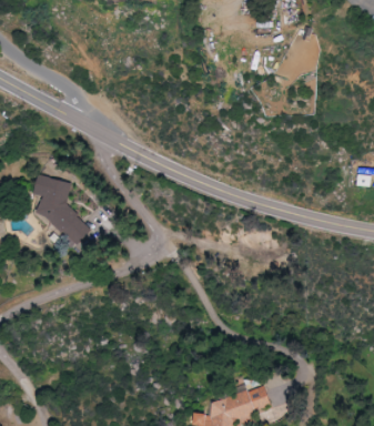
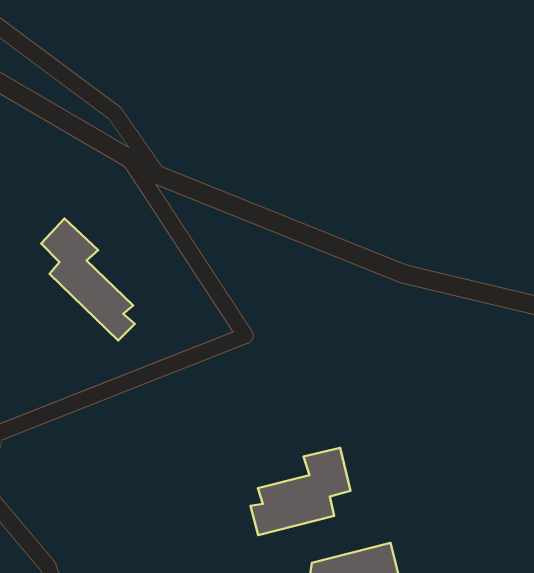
building: none -> [250,448,350,535]

